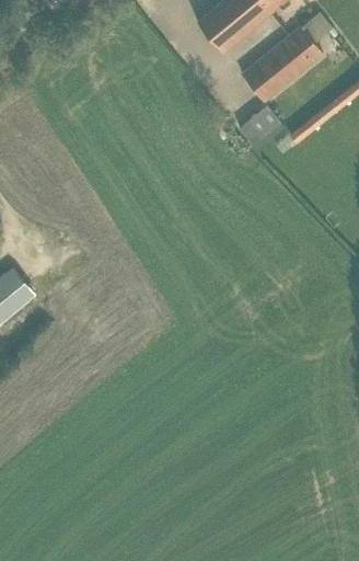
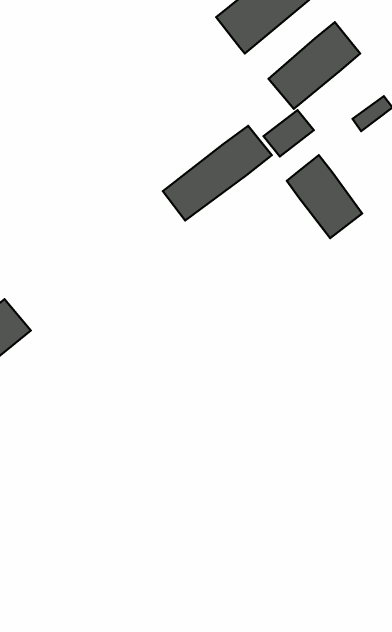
building: none -> [163,126,272,220]
building: none -> [287,155,362,238]

